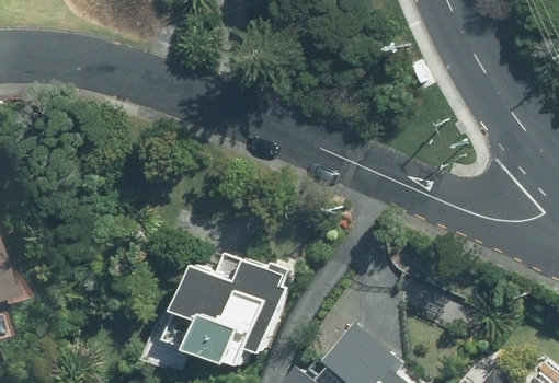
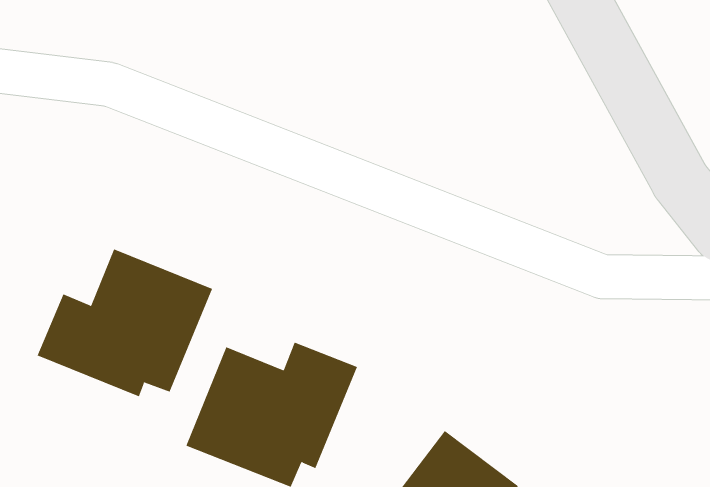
building: none -> [37,248,213,397]

